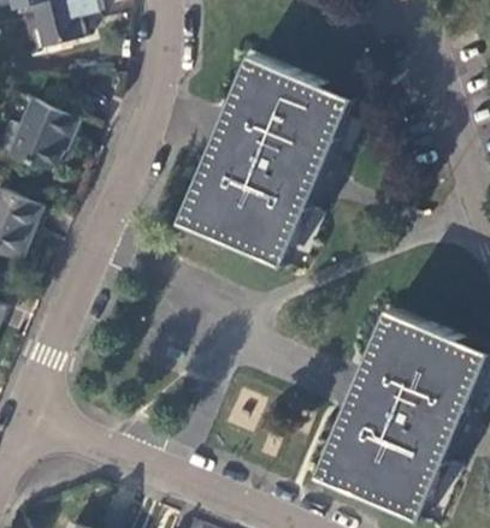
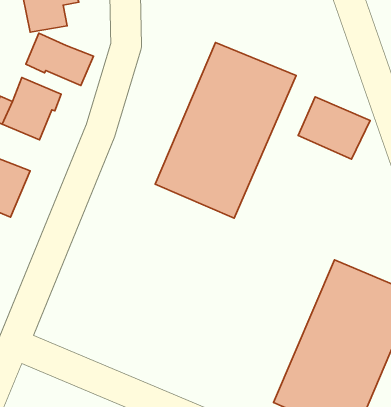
building: none -> [26,33,93,85]
building: none -> [298,97,370,159]

